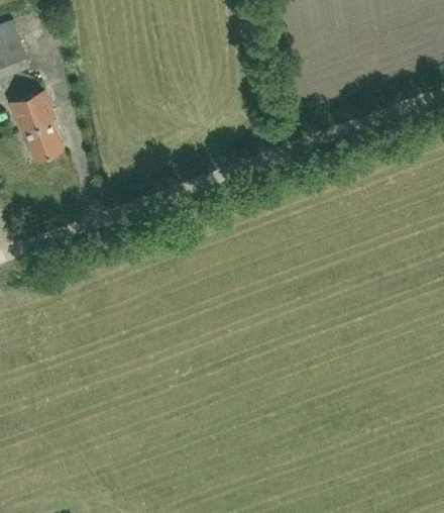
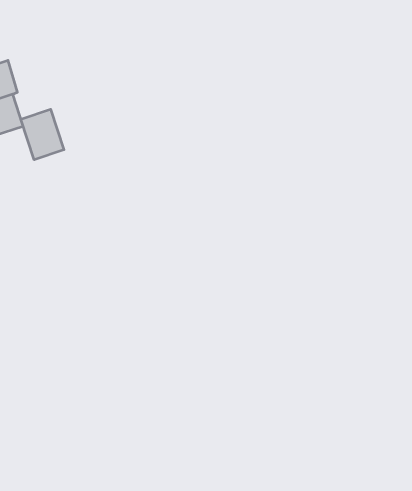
building: none -> [21,109,64,160]

